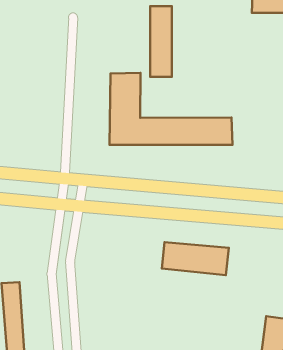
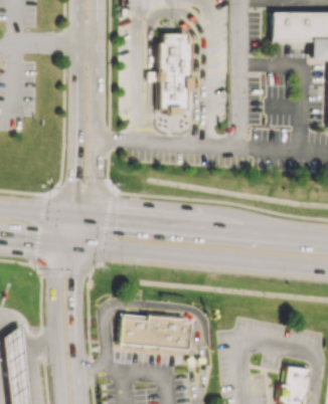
building: [110,73,232,145] -> none
building: [162,242,229,275] -> [119,315,190,350]

